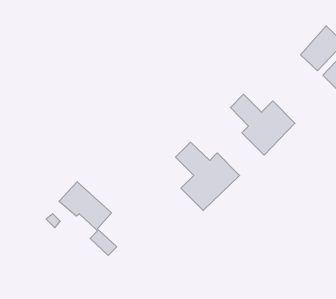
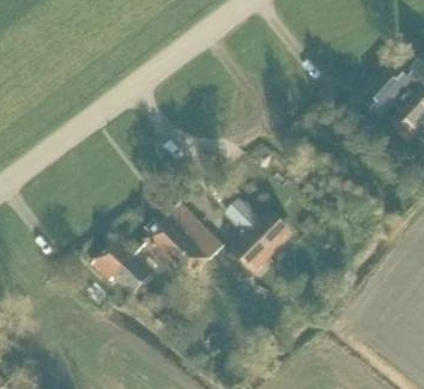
building: [230,94,295,155] -> none
building: none -> [145,203,225,280]

